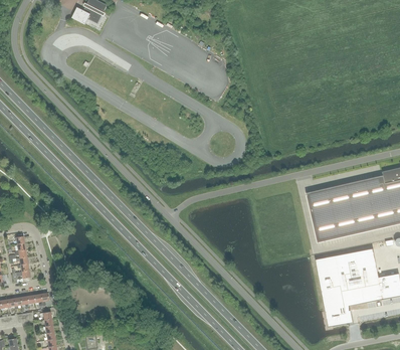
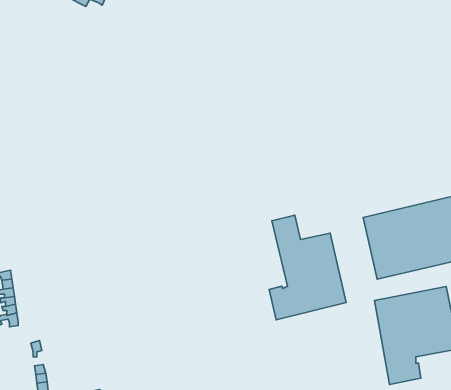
building: none -> [269,215,346,320]

